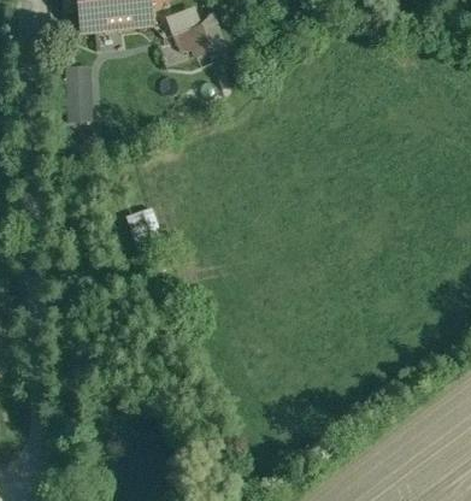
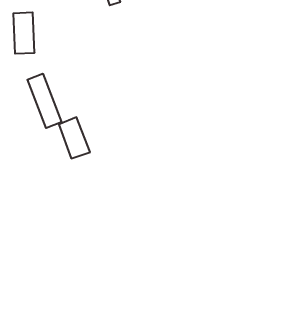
building: none -> [27,74,61,128]

